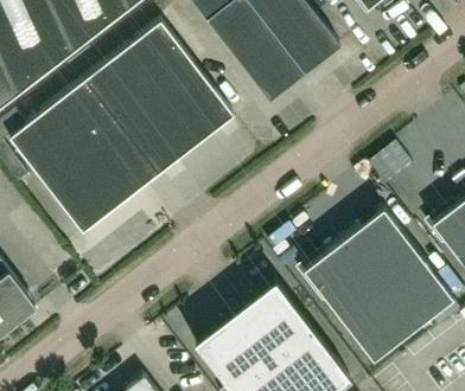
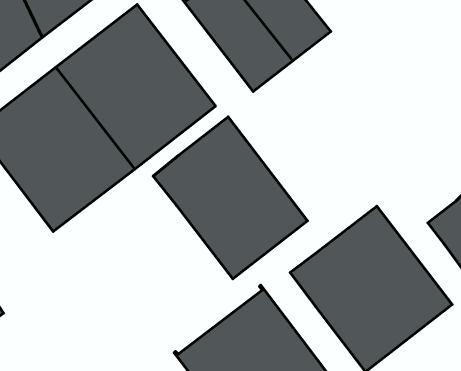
building: none -> [153,117,308,279]

